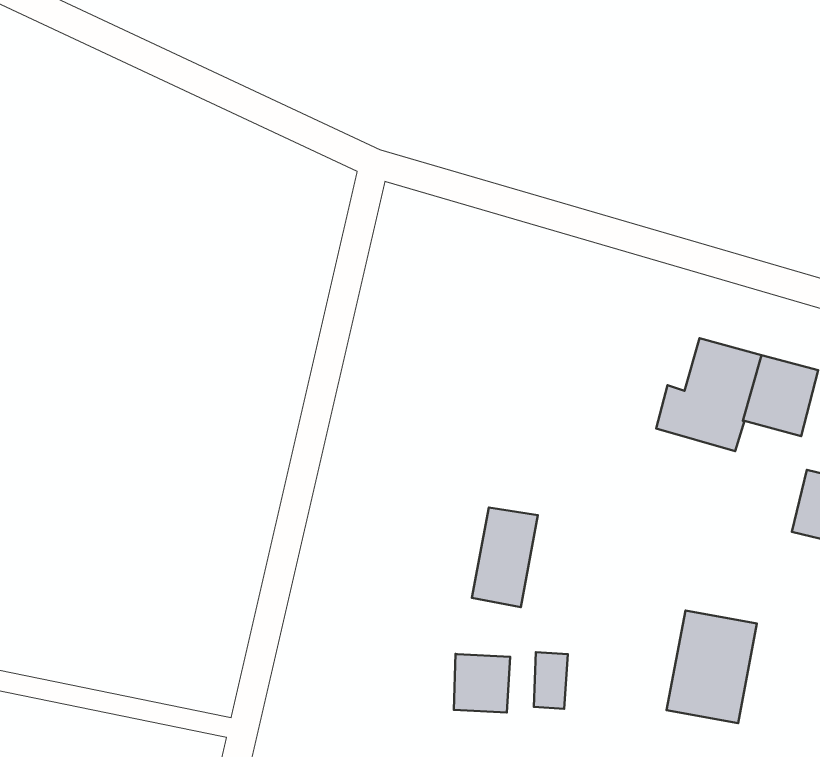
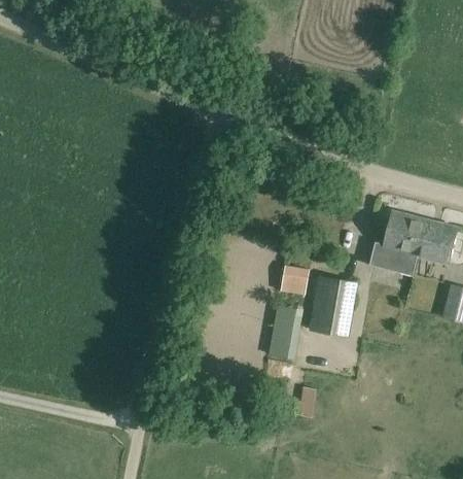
building: none -> [280,265,309,295]
building: [667,610,757,723] -> [309,275,358,337]
building: [454,654,510,713] -> none

